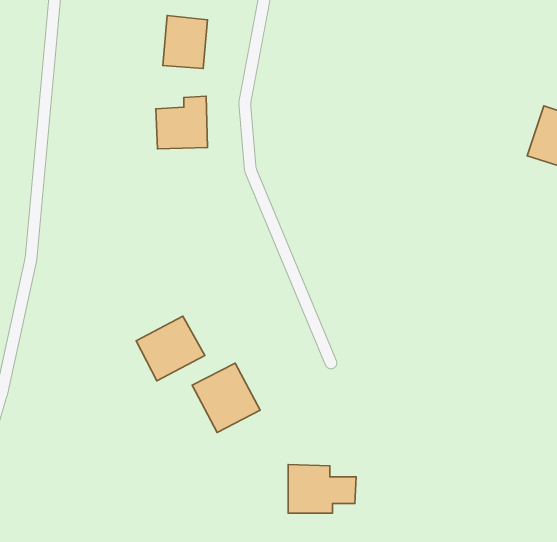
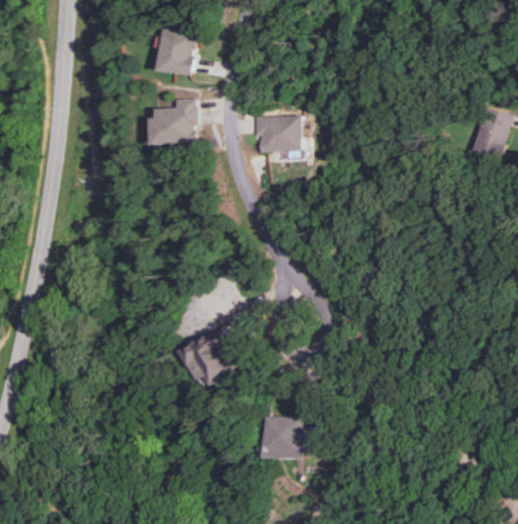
building: none -> [253,115,301,152]
building: [136,316,205,381] -> none

